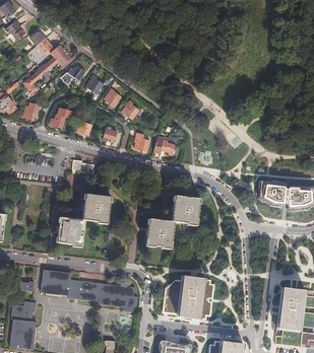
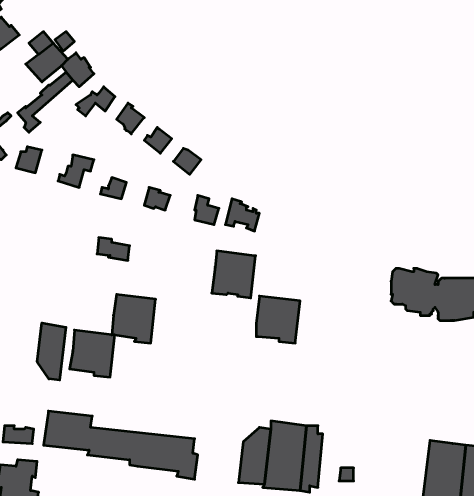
building: none -> [37,323,66,380]
building: [146,219,174,249] -> [212,251,256,298]

